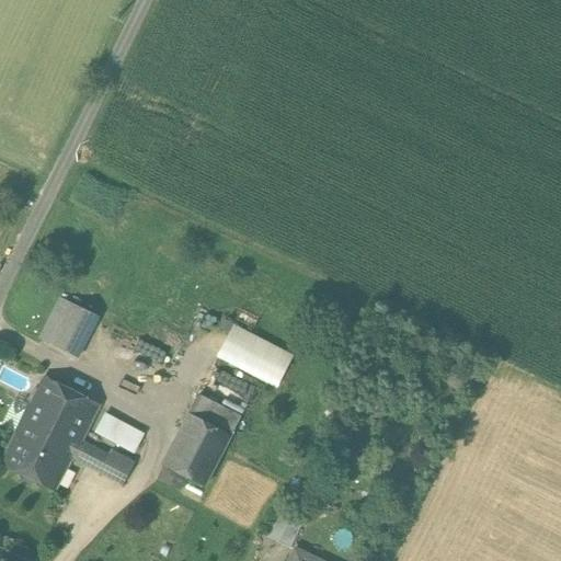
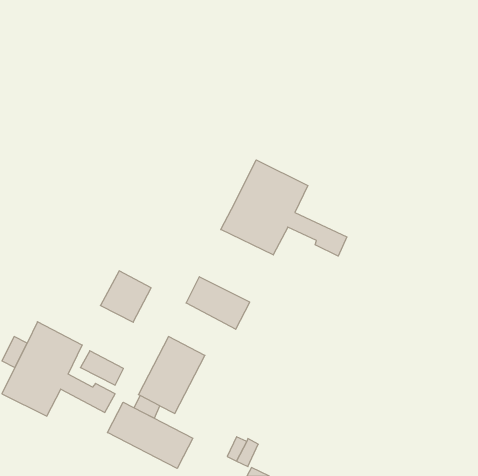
building: none -> [221,160,347,256]
building: [39,296,99,356] -> [100,271,151,322]
building: none -> [107,402,193,468]

